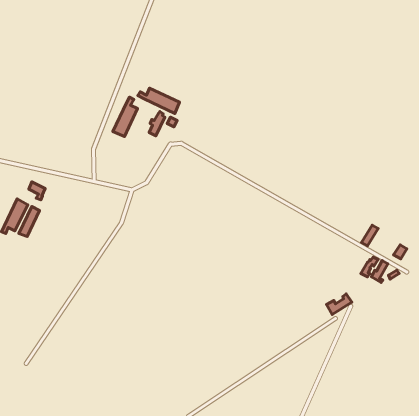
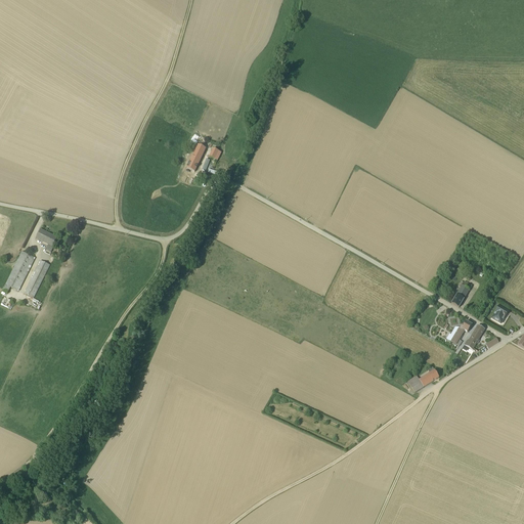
building: [138,88,180,114] -> none
building: [113,97,138,136] -> none

